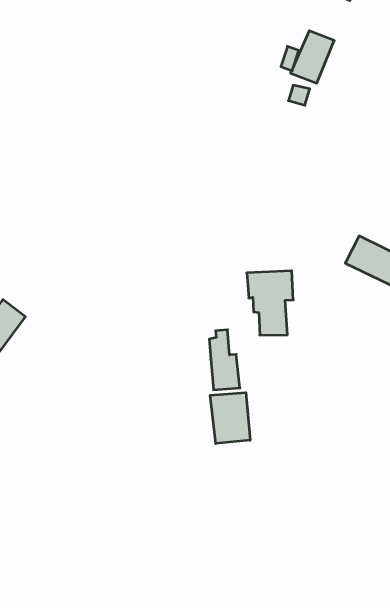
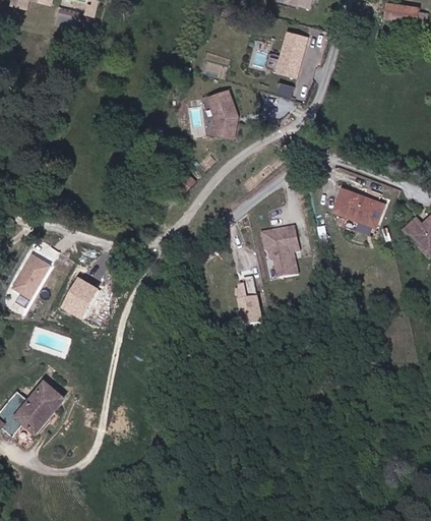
building: none -> [205,85,238,138]
building: [210,393,250,444] -> none

